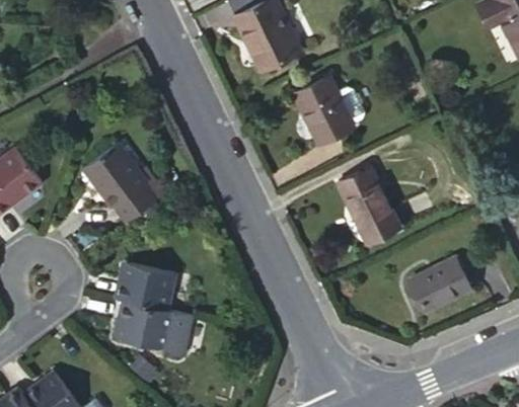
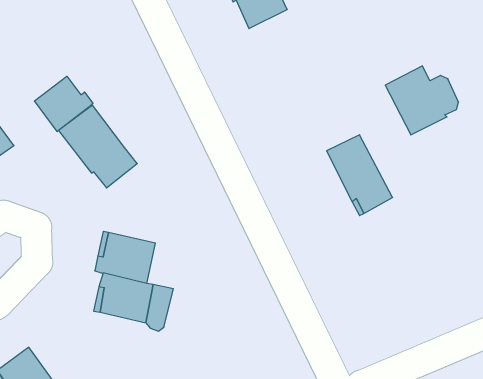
building: [294,78,364,144] -> [385,66,459,135]
building: none -> [35,76,93,132]
building: [410,257,470,313] -> none

